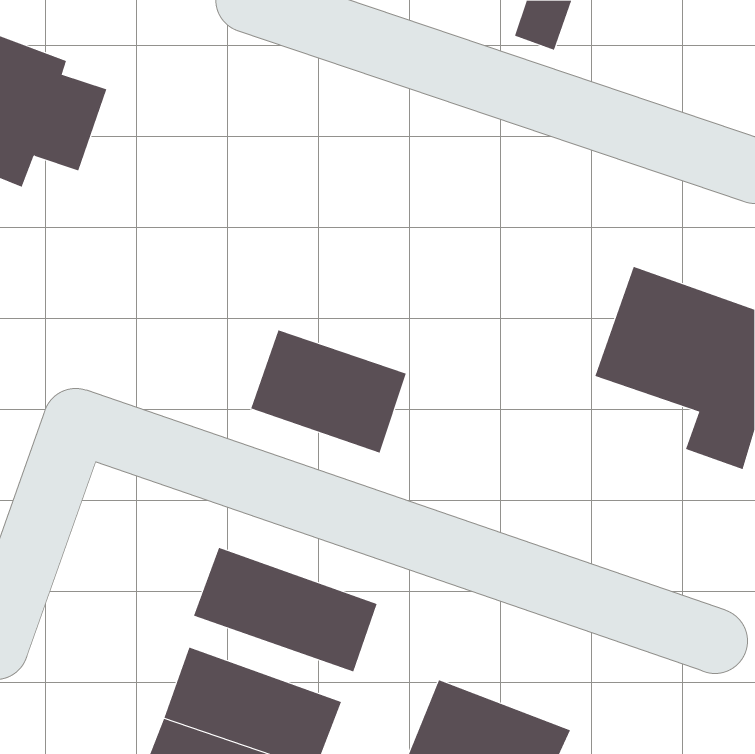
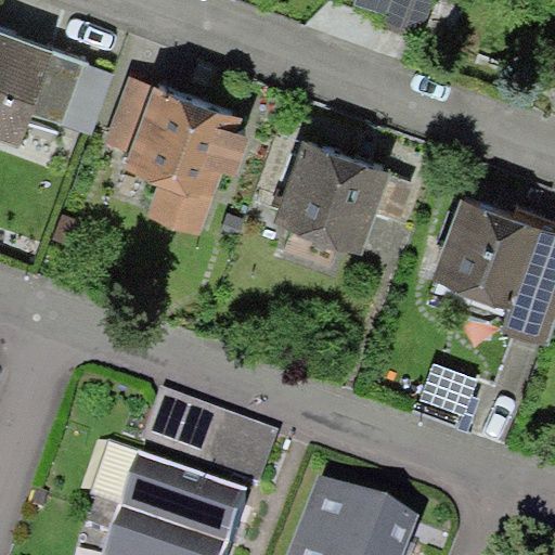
building: none -> [126,87,237,225]
building: none -> [269,135,387,246]
building: [251,330,406,454] -> none

